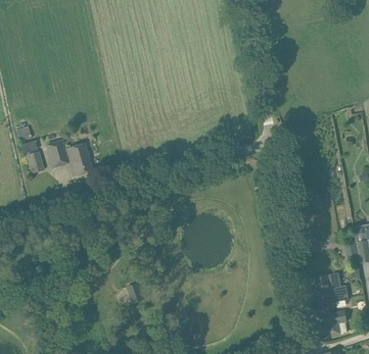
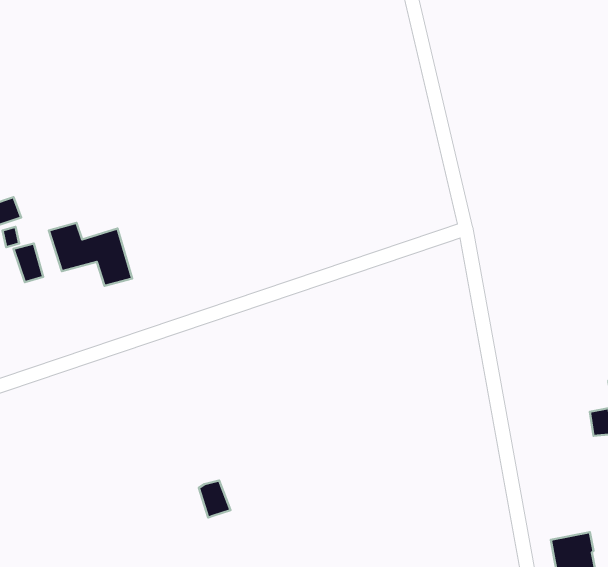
building: [314,273,347,308] -> none

